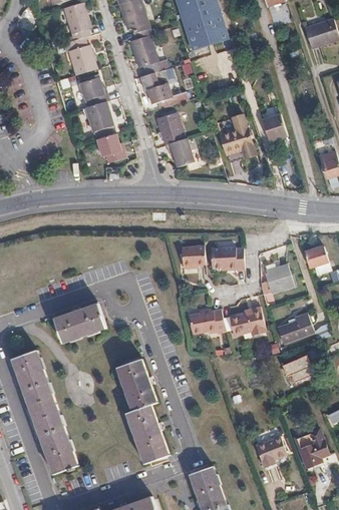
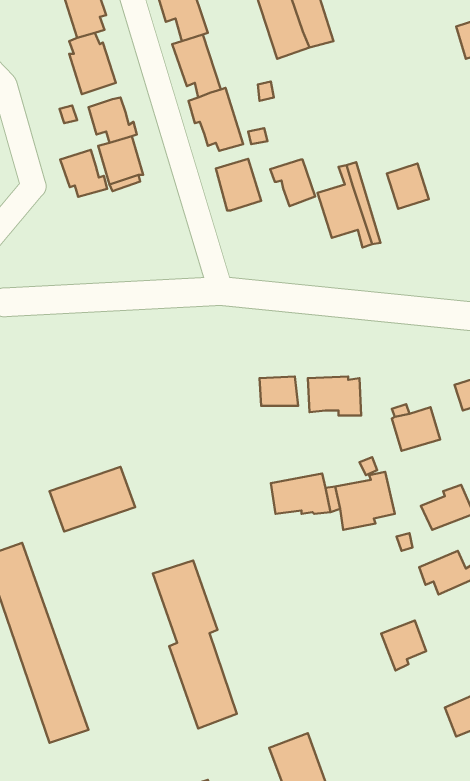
building: [94,130,123,159] -> [60,150,107,197]
building: [164,137,193,166] -> [270,159,315,206]
building: [254,438,282,469] -> [381,620,426,671]

